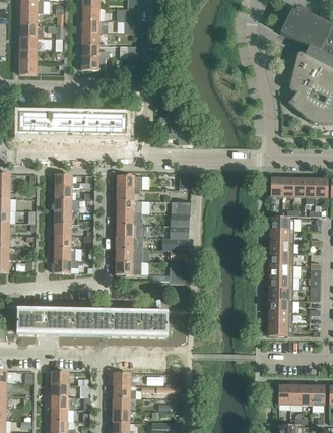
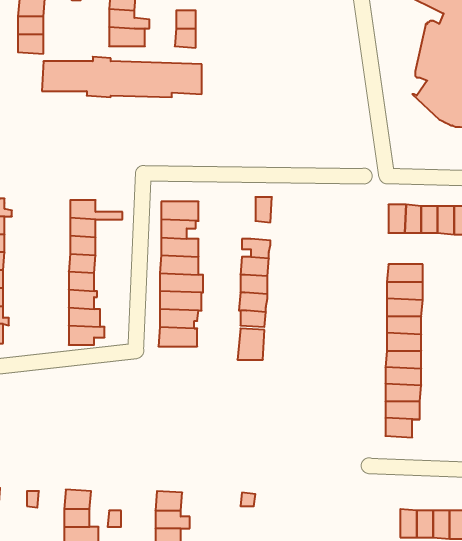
building: [17,110,126,137] -> [42,57,202,97]
building: [16,310,168,333] -> none

